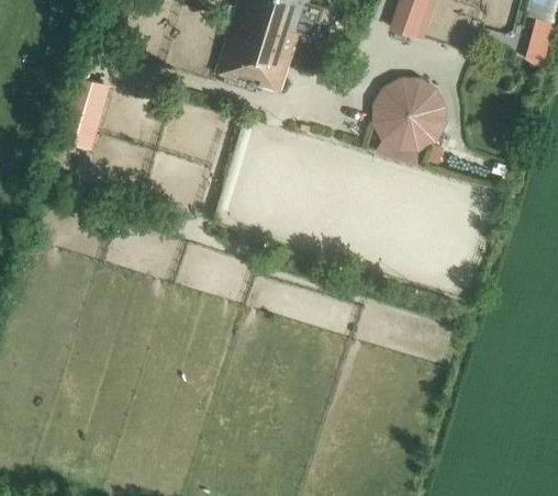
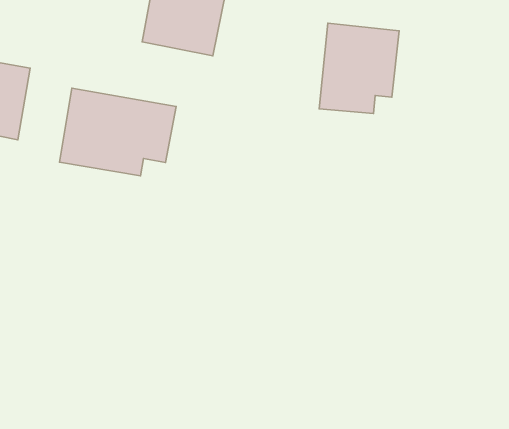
building: none -> [60,88,176,176]

